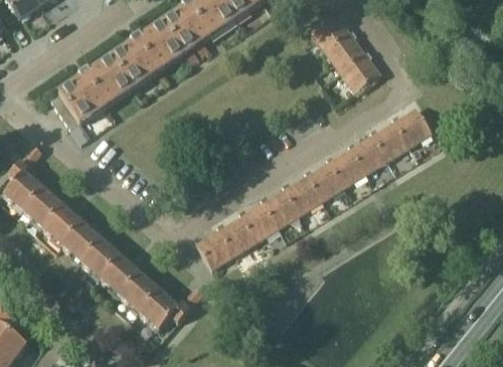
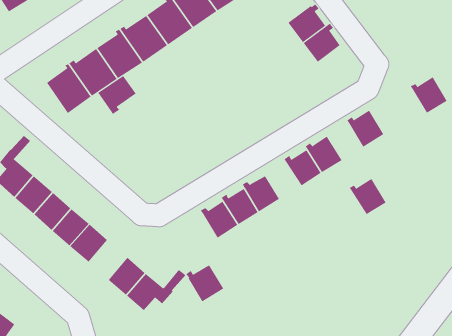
building: [340,50,380,93] -> none
building: none -> [98,75,137,115]
building: [392,108,432,146] -> [410,77,448,113]
building: [348,135,387,173] -> [349,178,386,215]
building: [283,175,323,213] -> none
building: [195,229,235,268] -> [185,264,224,302]
building: [102,256,142,298] -> none

